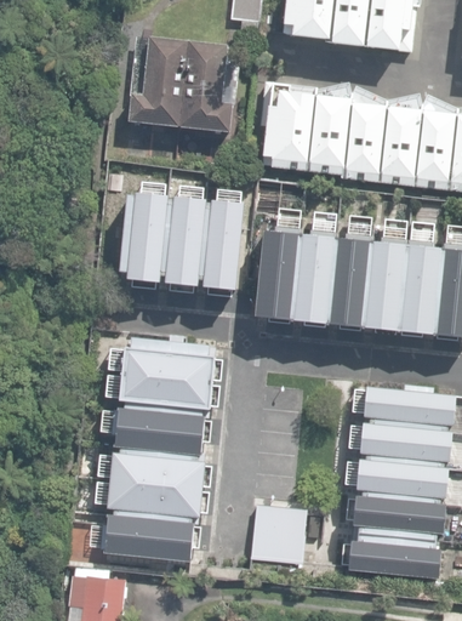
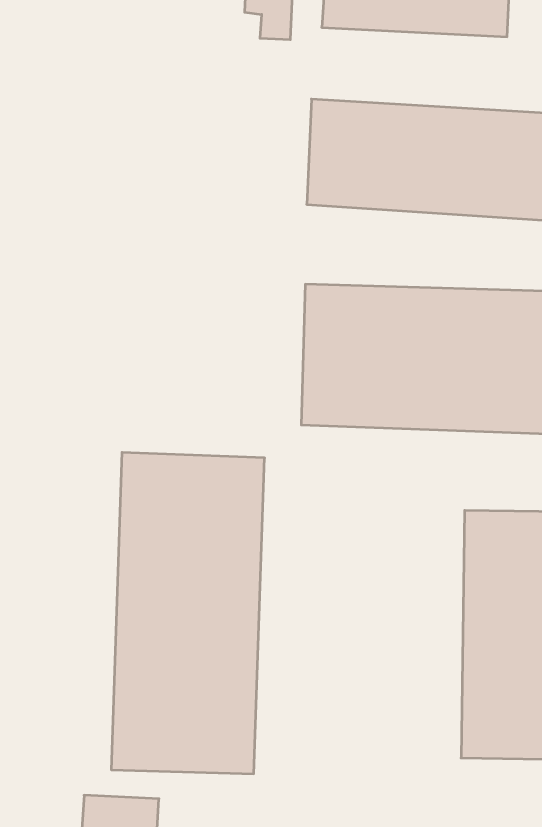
building: [131,38,238,130] -> none
building: [113,184,250,295] -> none
building: [249,506,309,566] -> none

